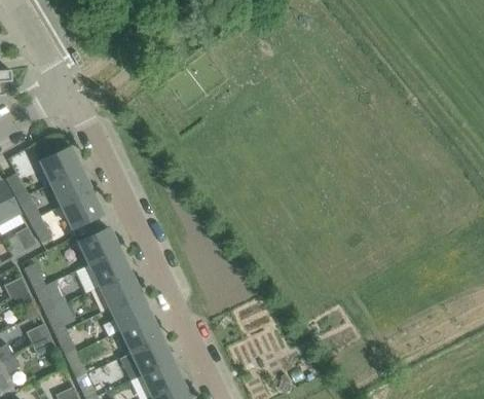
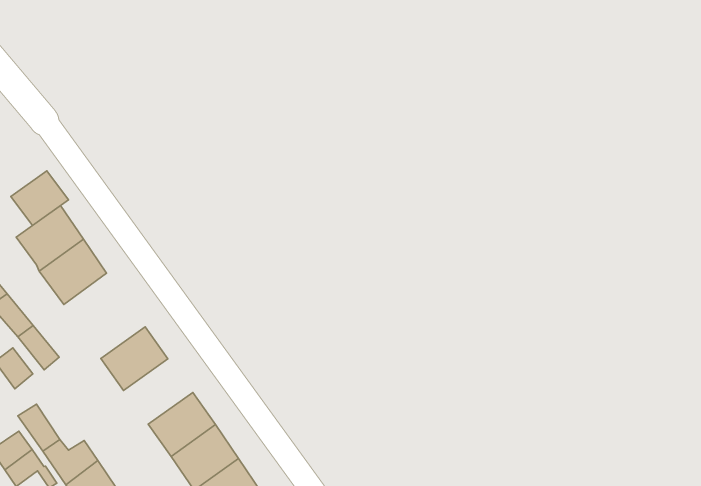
building: none -> [11,171,68,225]
building: [62,191,102,233] -> none
building: [75,249,129,292] -> none

